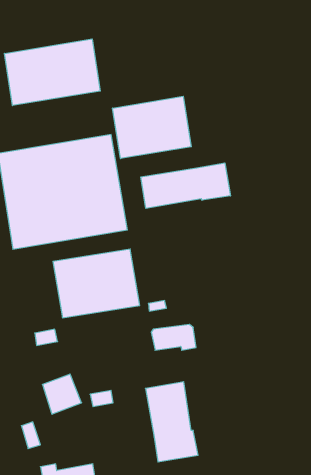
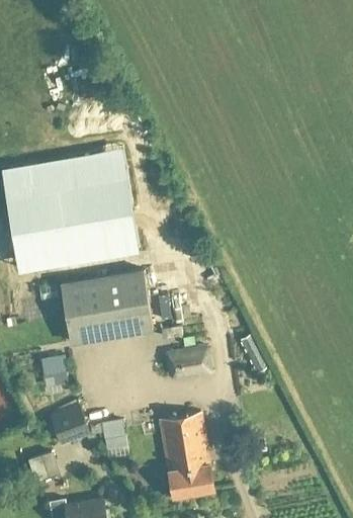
building: [4,39,100,106] -> none
building: [113,96,191,159] -> none
building: [141,163,230,208] -> none

